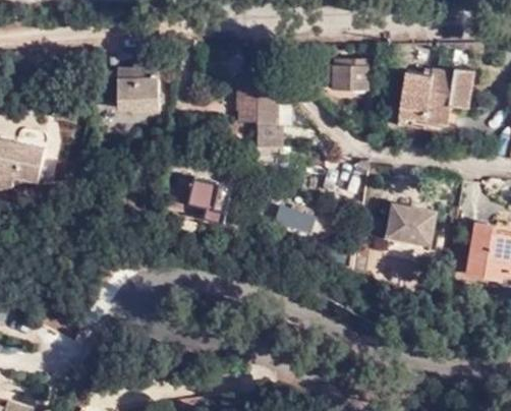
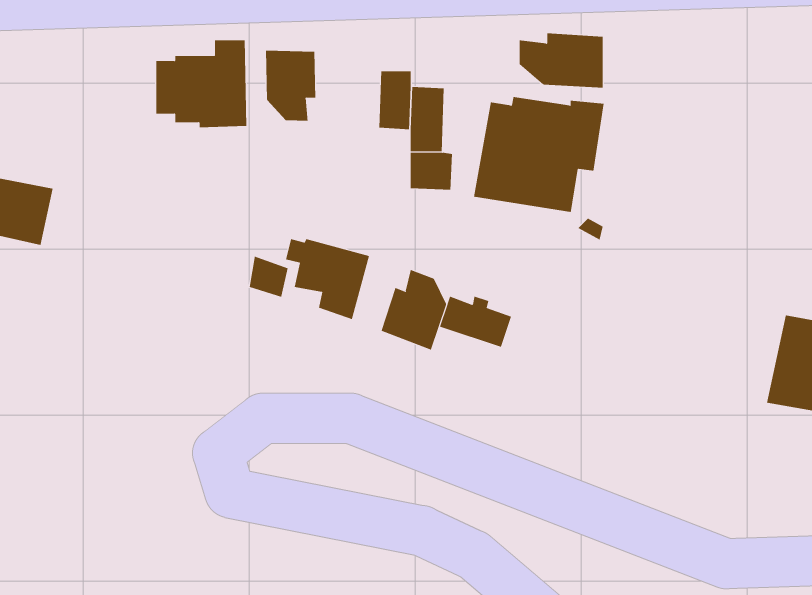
building: [396,66,473,134] -> [473,97,604,212]
building: none -> [266,50,316,121]
building: none -> [381,269,447,350]
building: [387,204,436,245] -> none

